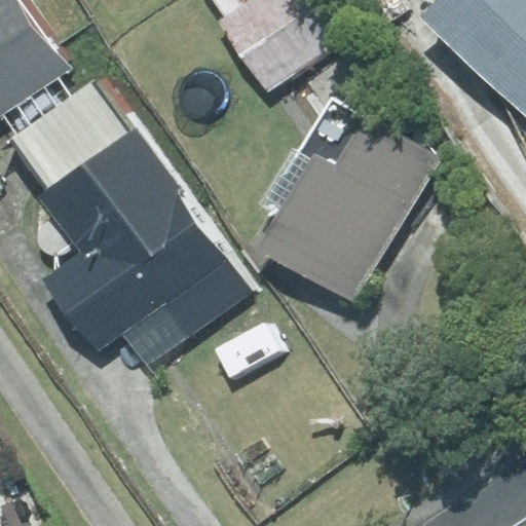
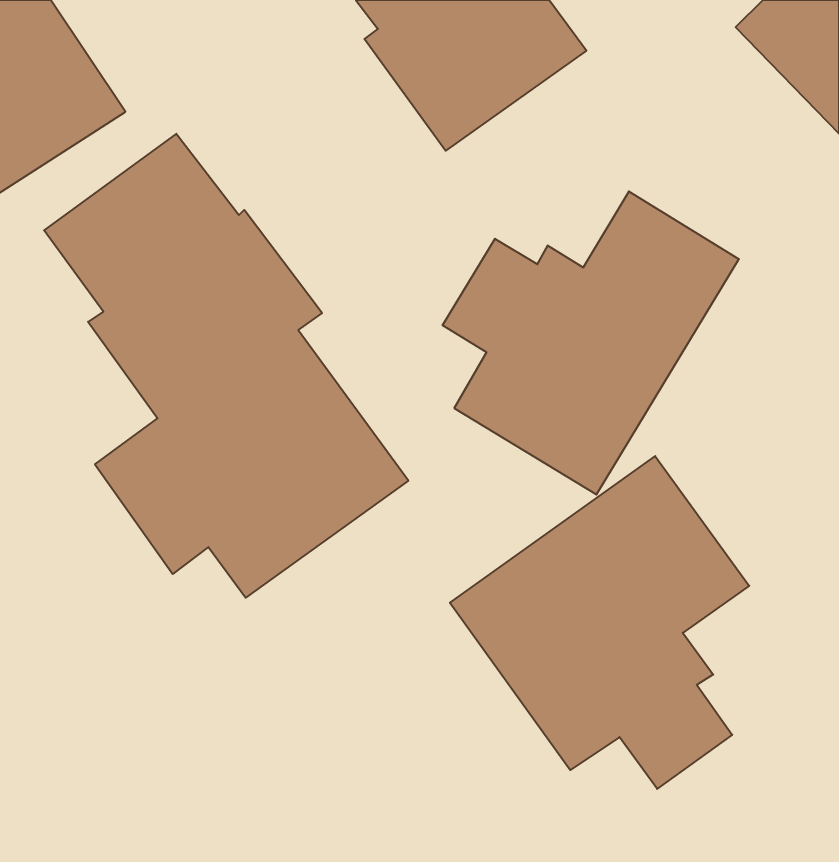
building: none -> [450,456,749,789]

